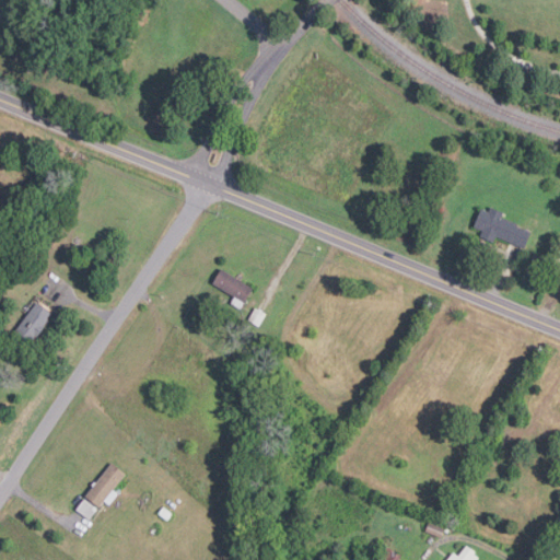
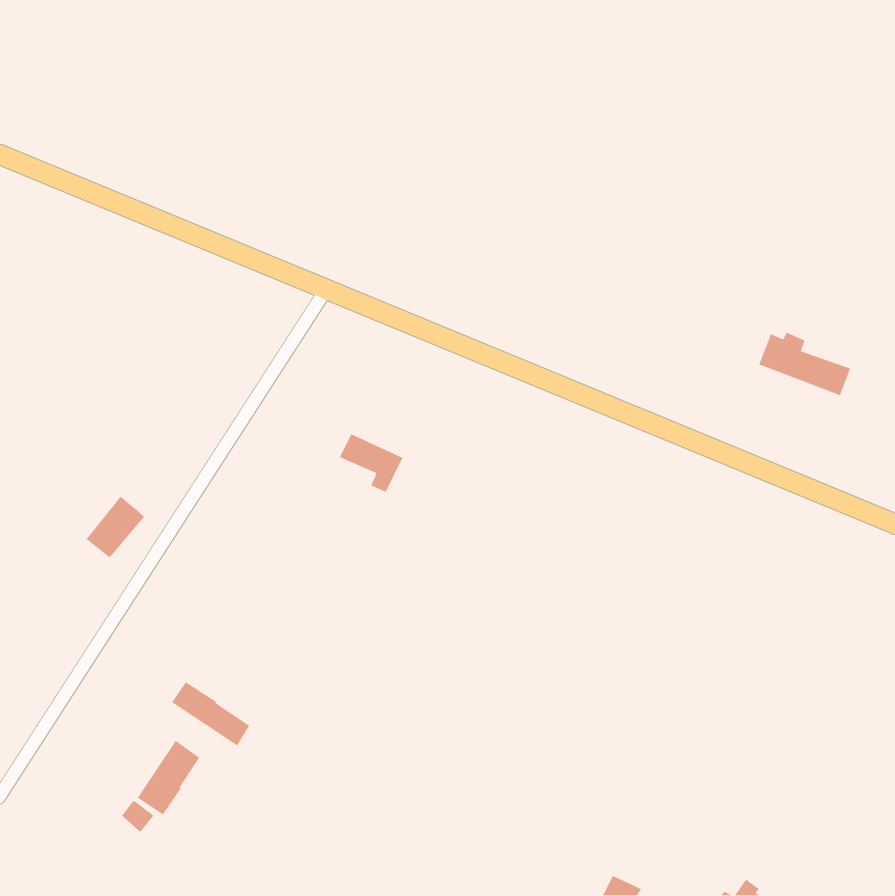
building: [14,302,51,341] -> [85,495,145,559]
building: none -> [171,681,250,747]

